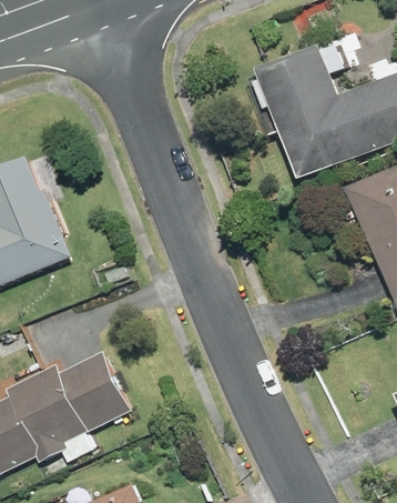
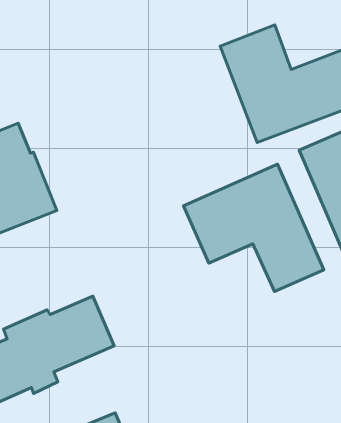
building: none -> [183,164,324,291]

